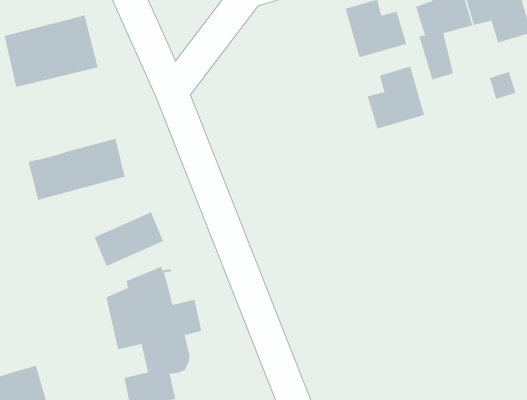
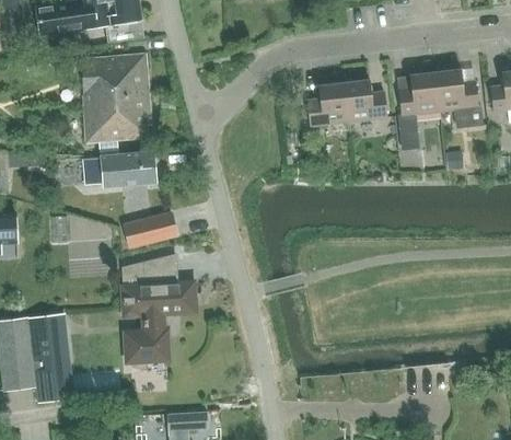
building: [367,66,425,129] -> [306,82,348,126]
building: none -> [83,95,151,157]

